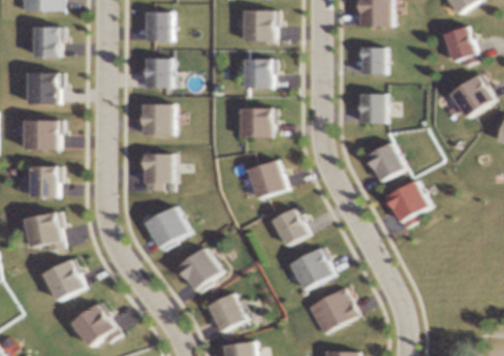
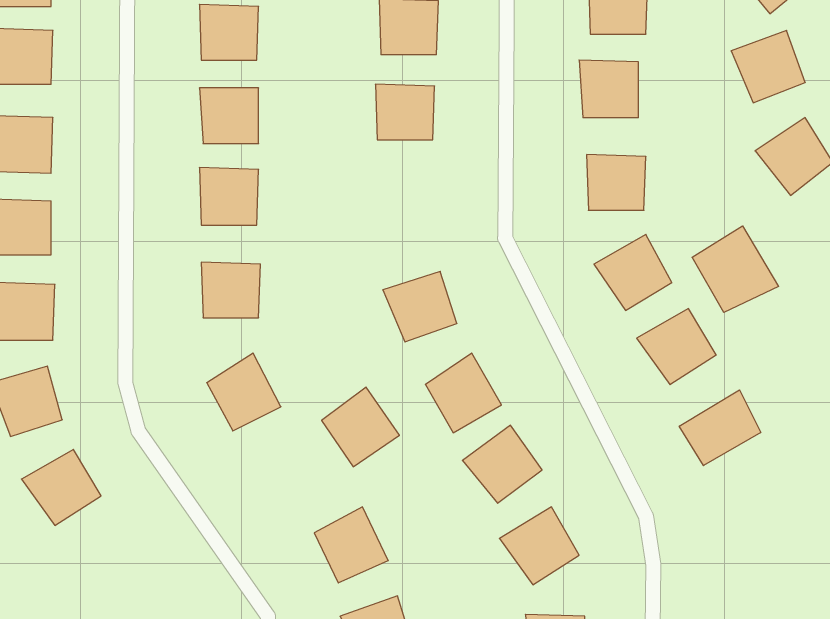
building: [239,104,273,135] -> none
building: none -> [692,226,779,312]
building: none -> [679,390,761,466]
building: [177,247,220,291] -> [322,387,399,467]
building: [72,301,116,346] -> none

